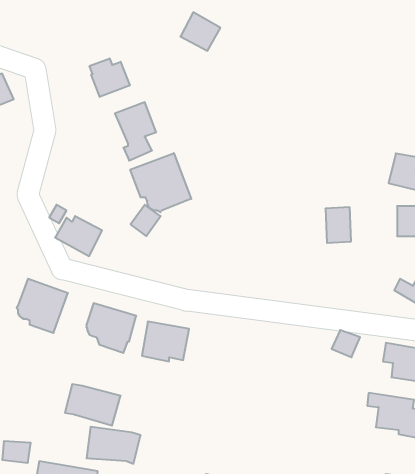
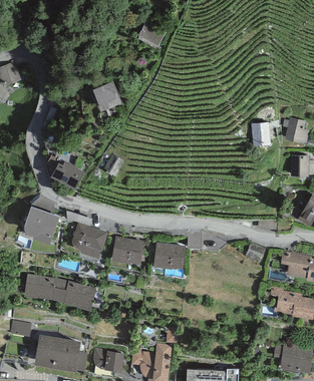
building: [90,58,130,97] -> none
building: [130,153,191,212] -> none
building: [325,207,351,243] -> [253,123,271,148]
building: none -> [152,243,186,270]
building: [86,427,141,464] -> [24,275,62,301]

